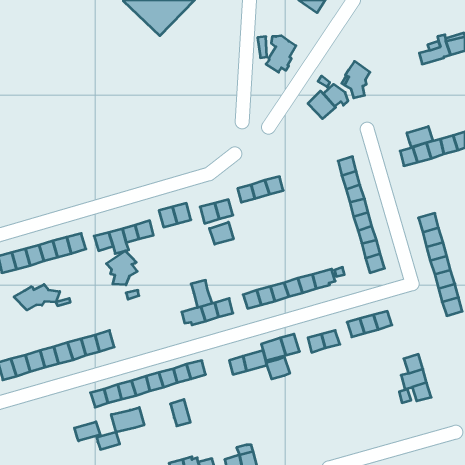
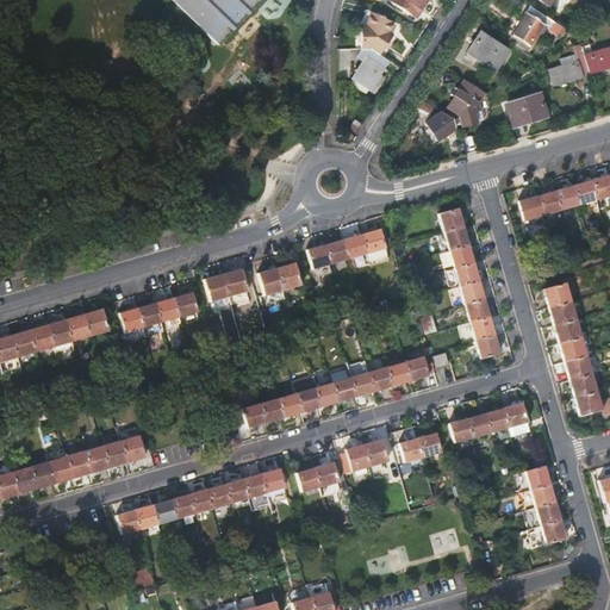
building: none -> [509,10,546,49]
building: none -> [359,15,391,57]
building: none -> [461,36,504,77]
building: none -> [504,97,542,127]
building: [308,91,336,119] -> none
building: [407,126,433,147] -> none
building: none -> [365,229,390,260]
building: [209,222,233,244] -> none
building: [106,251,137,285] -> none
building: [191,280,212,308] -> [295,375,323,411]
building: [14,284,60,310] -> none
building: none -> [505,403,531,436]
building: [266,357,290,379] -> none
building: none -> [529,521,567,547]
building: [170,399,190,426] -> [263,467,290,502]
building: [111,407,144,432] -> none
building: [74,422,100,441] -> none

